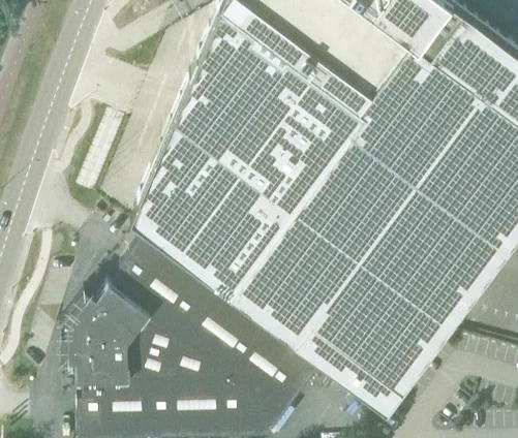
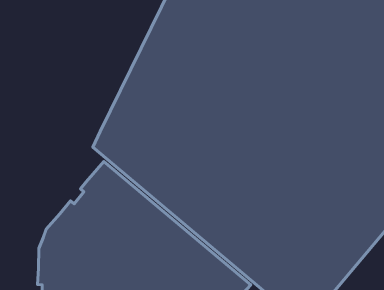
building: [59,298,96,371] -> none

